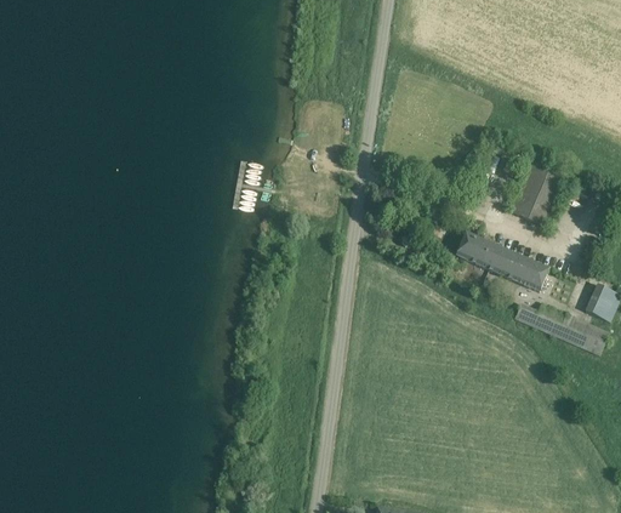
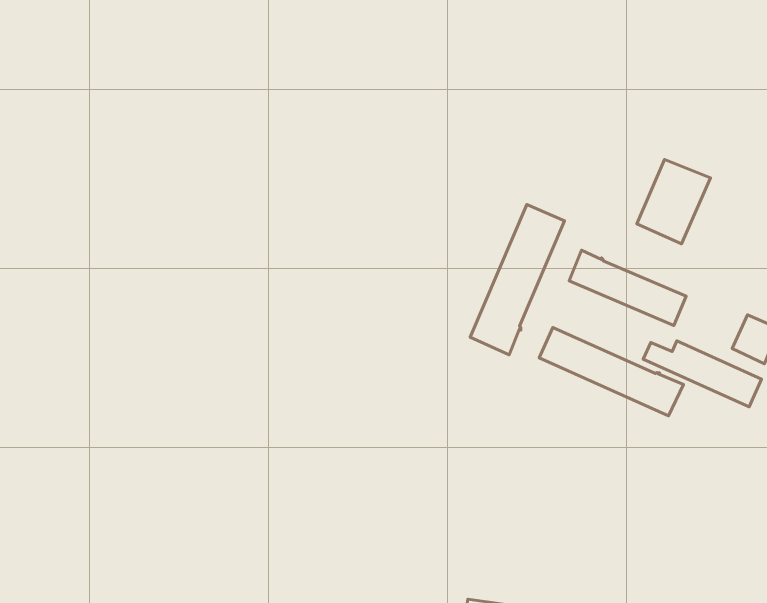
building: none -> [470,205,564,355]
building: none -> [539,328,683,416]

